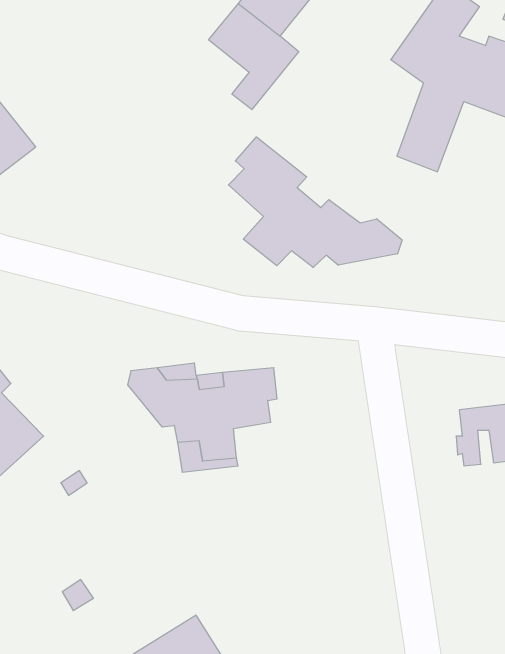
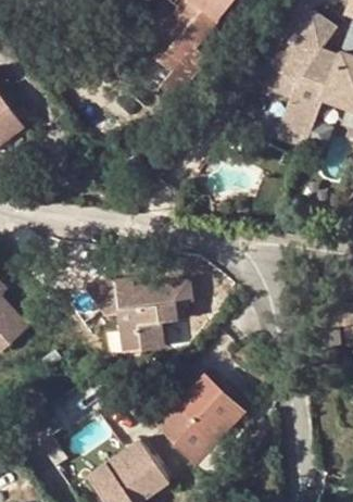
building: [228,137,402,268] -> none
building: none -> [162,377,244,466]

